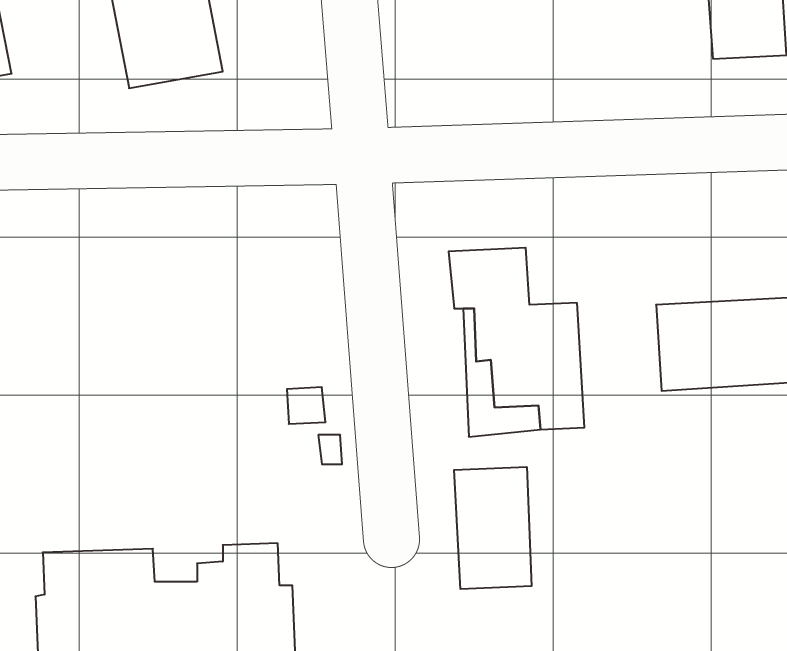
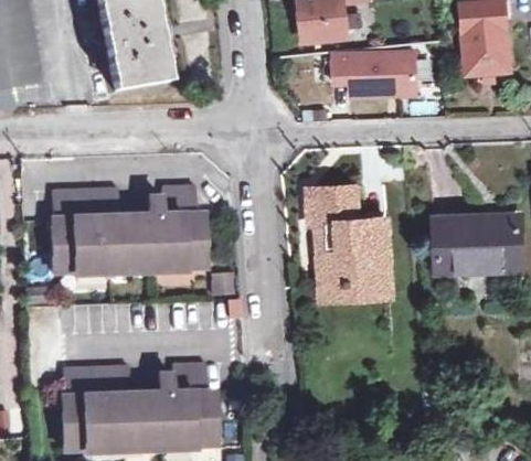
building: none -> [333,52,418,97]
building: none -> [52,187,205,275]
building: [454,467,532,589] -> none

